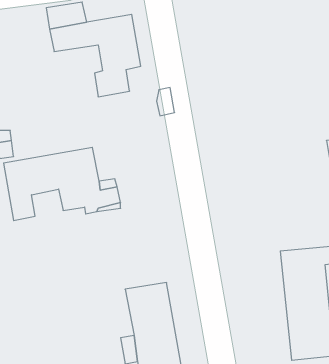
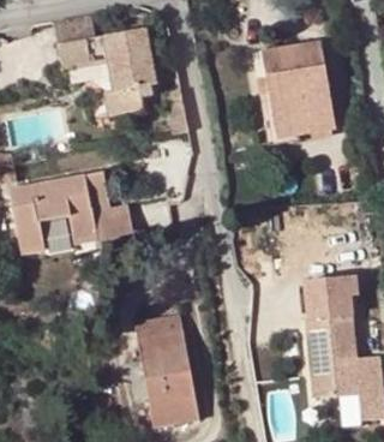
building: none -> [262,42,335,138]

